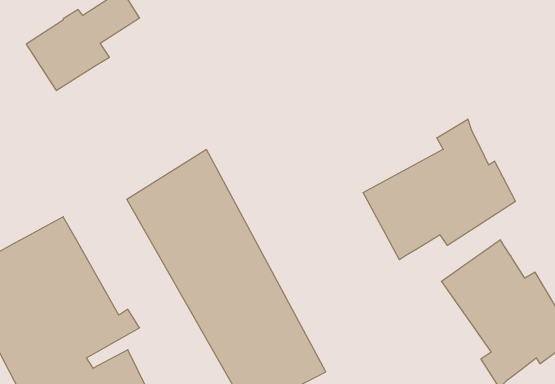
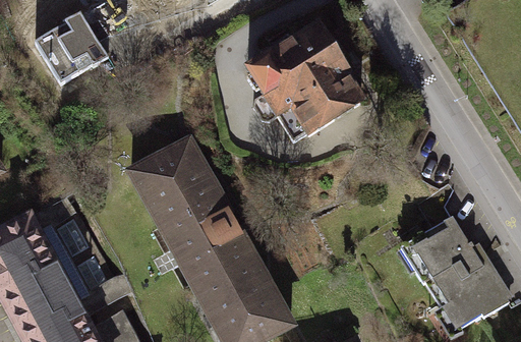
building: none -> [246,17,359,136]
building: [363,119,515,260] -> none

